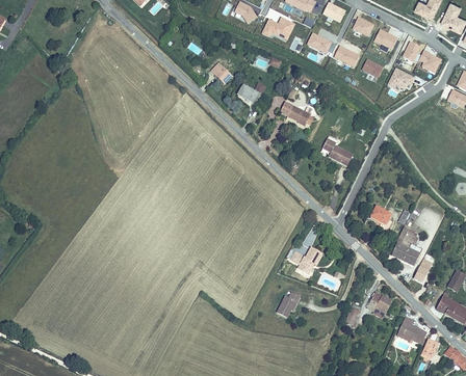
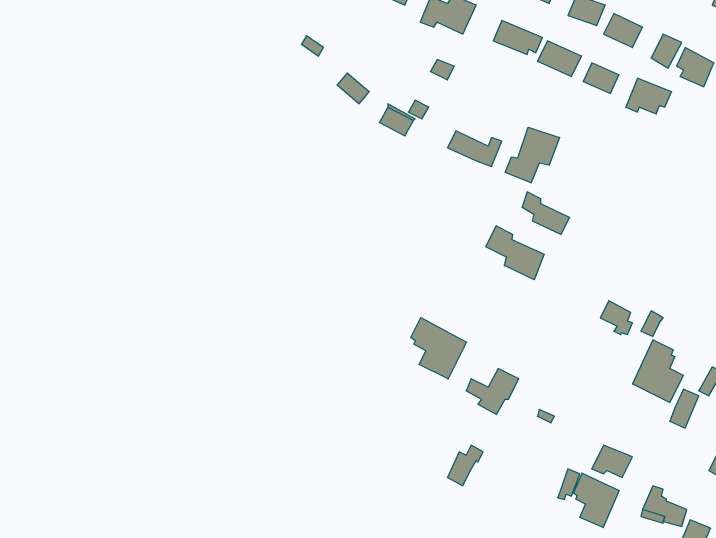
building: none -> [505,127,560,183]
building: none -> [486,226,544,280]
building: none -> [411,318,467,379]
building: none -> [573,473,619,528]

